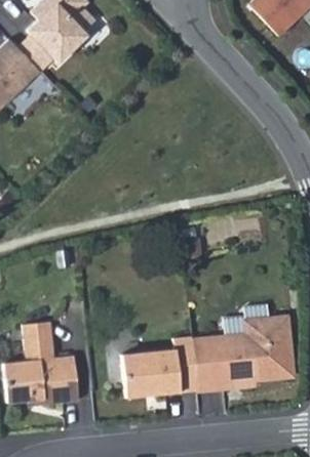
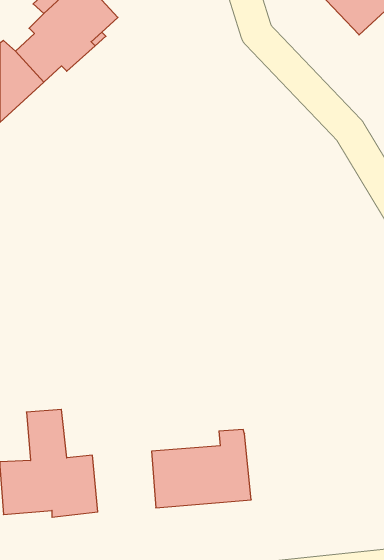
building: [191,317,292,390] -> none

